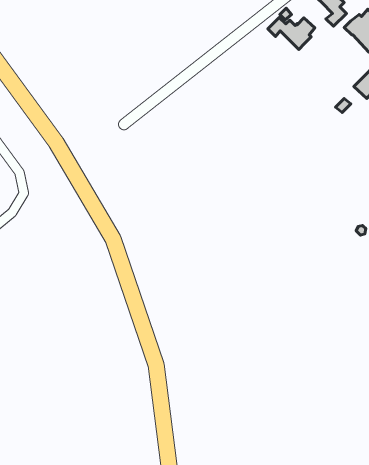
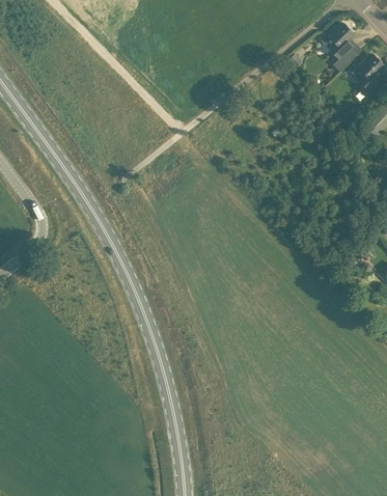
building: [268,17,315,49] -> none

